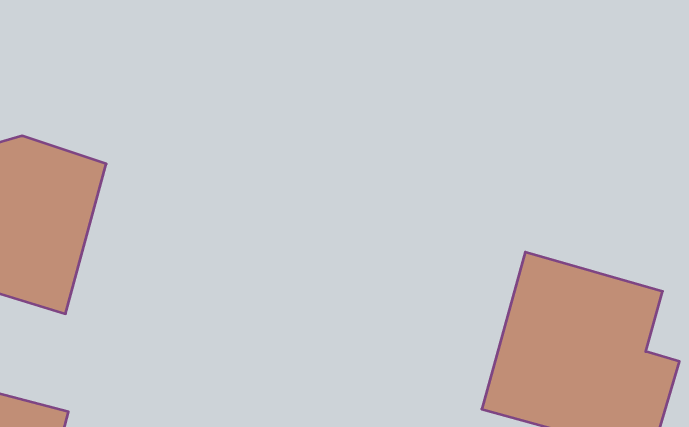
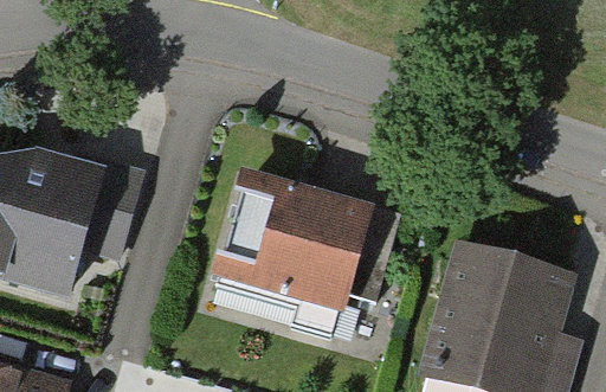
building: none -> [211,169,374,324]

